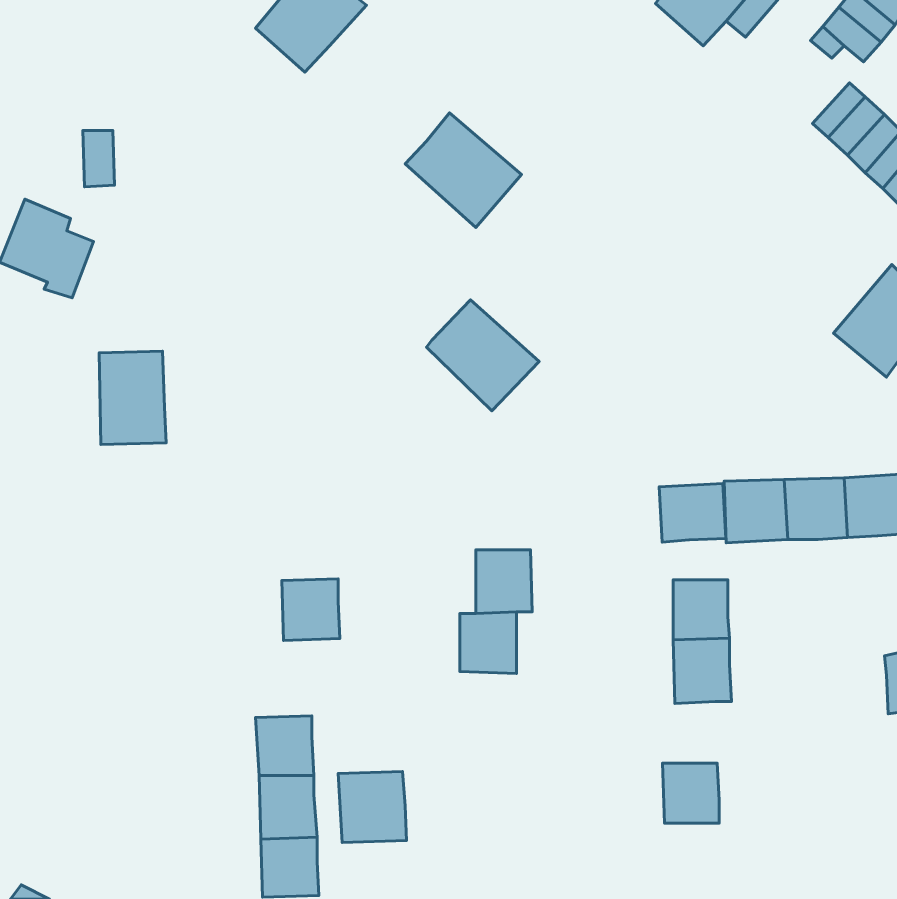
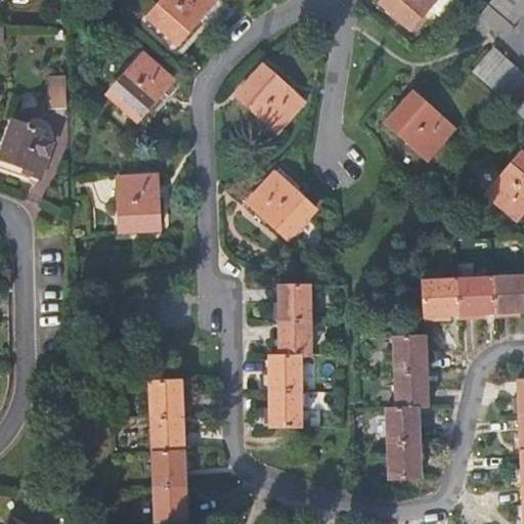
building: none -> [108,54,173,120]
building: none -> [387,93,453,159]
building: [99,351,166,445] -> [120,175,159,229]
building: [659,483,726,542] -> none
building: none -> [277,285,310,319]
building: [282,579,340,640] -> [149,381,183,417]
building: none -> [268,390,302,425]
building: none -> [386,407,419,443]
building: [338,771,406,843] -> none

